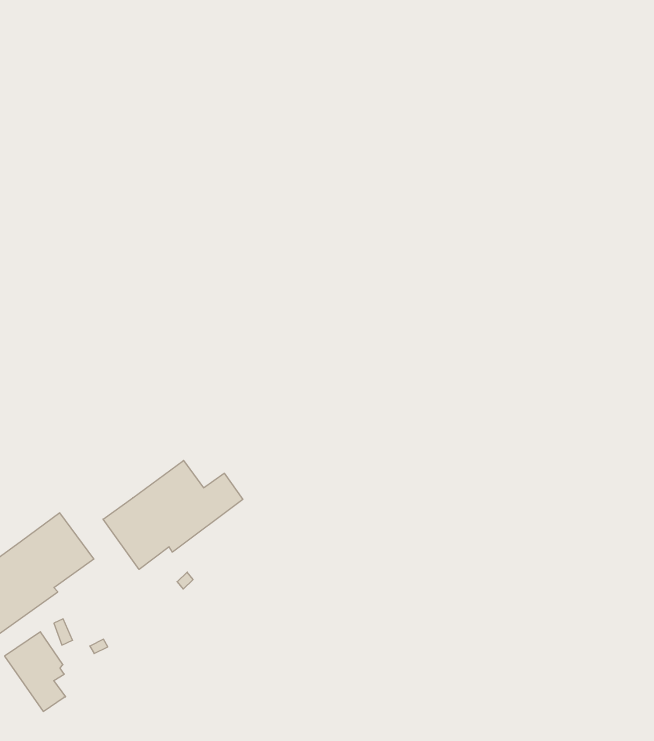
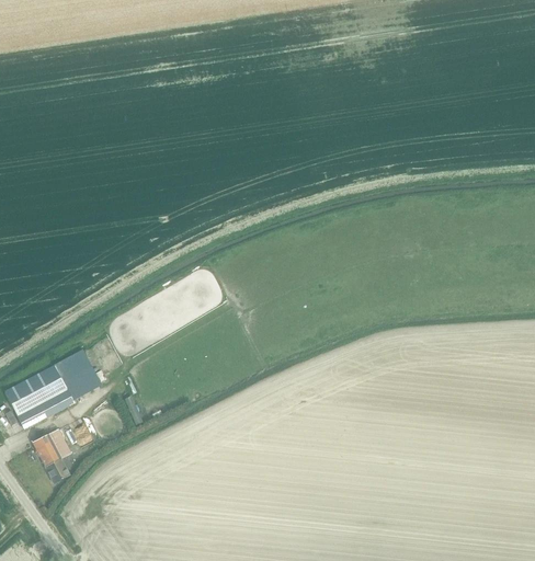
building: [103,460,243,569] -> none

